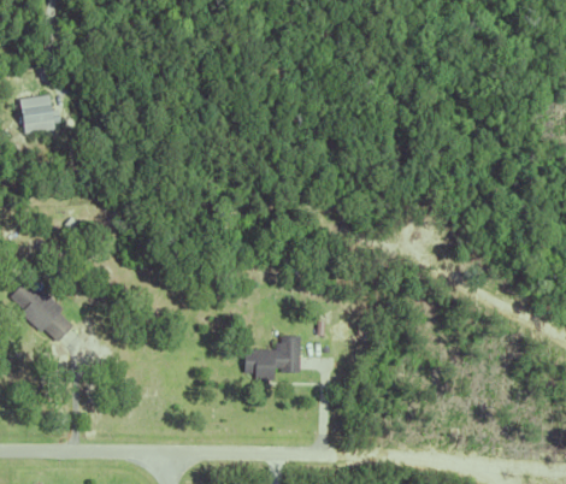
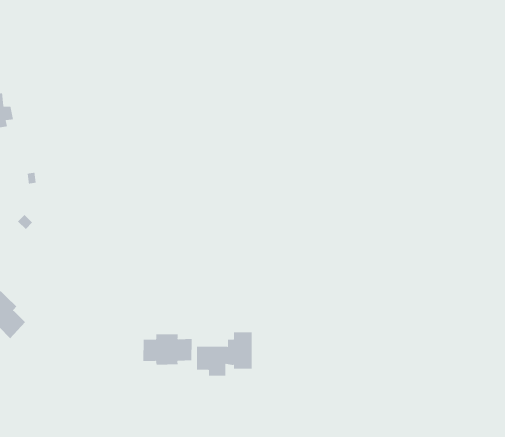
building: none -> [143,334,192,366]

